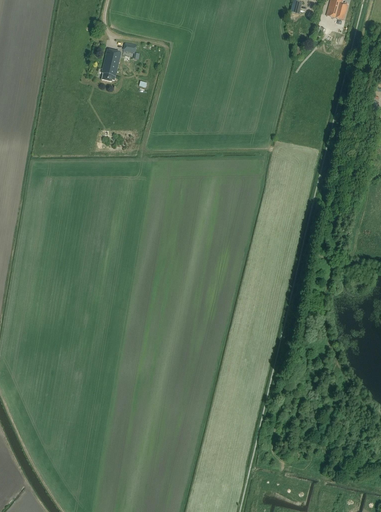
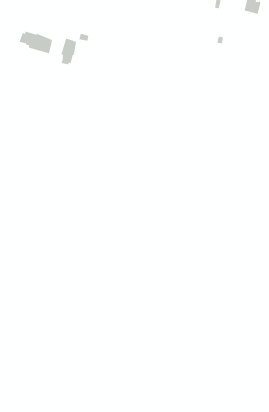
building: none -> [18,30,53,54]

